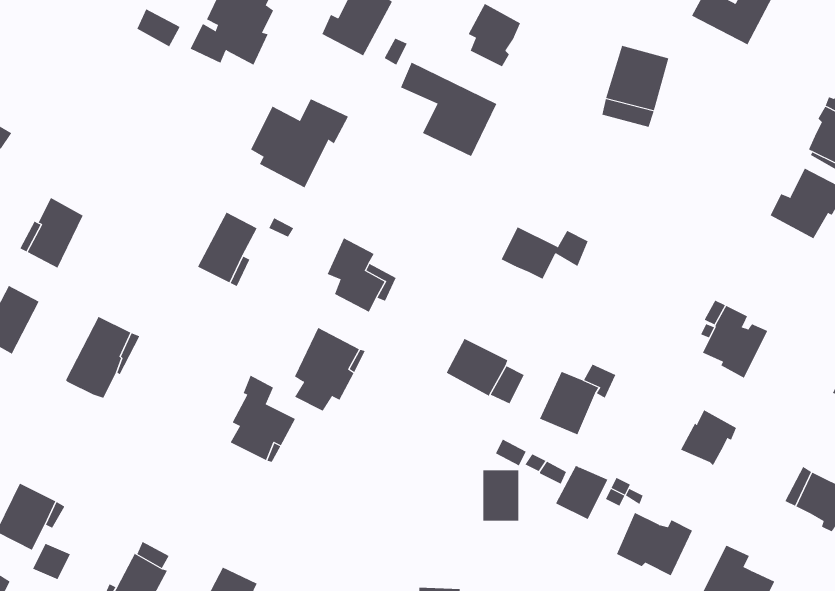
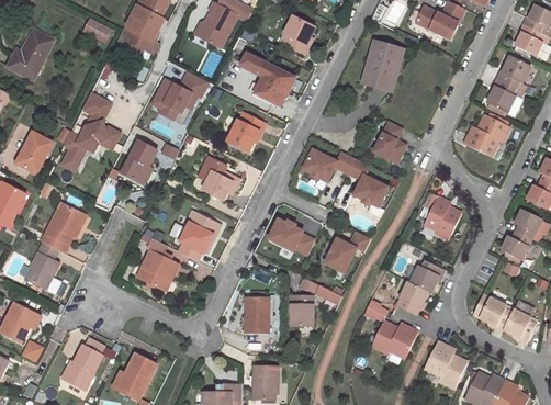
building: none -> [8,29,53,79]
building: none -> [60,92,123,172]
building: none -> [227,112,266,151]
building: none -> [373,121,405,162]
building: none -> [348,158,387,206]
building: none -> [24,243,59,294]
building: [555,465,608,520] -> [395,282,427,315]
building: none -> [245,297,269,334]

